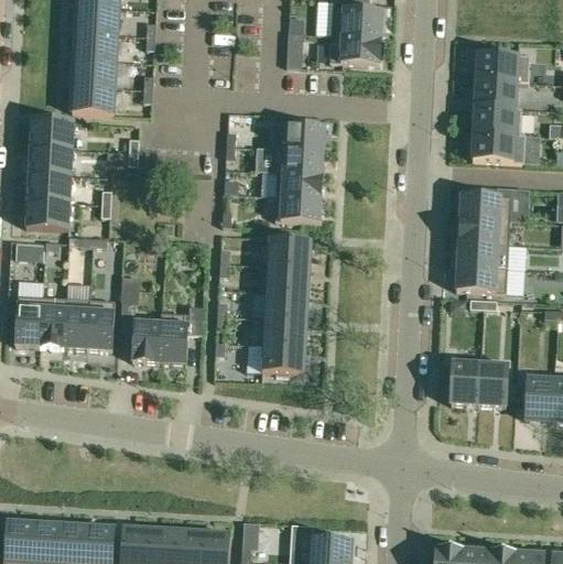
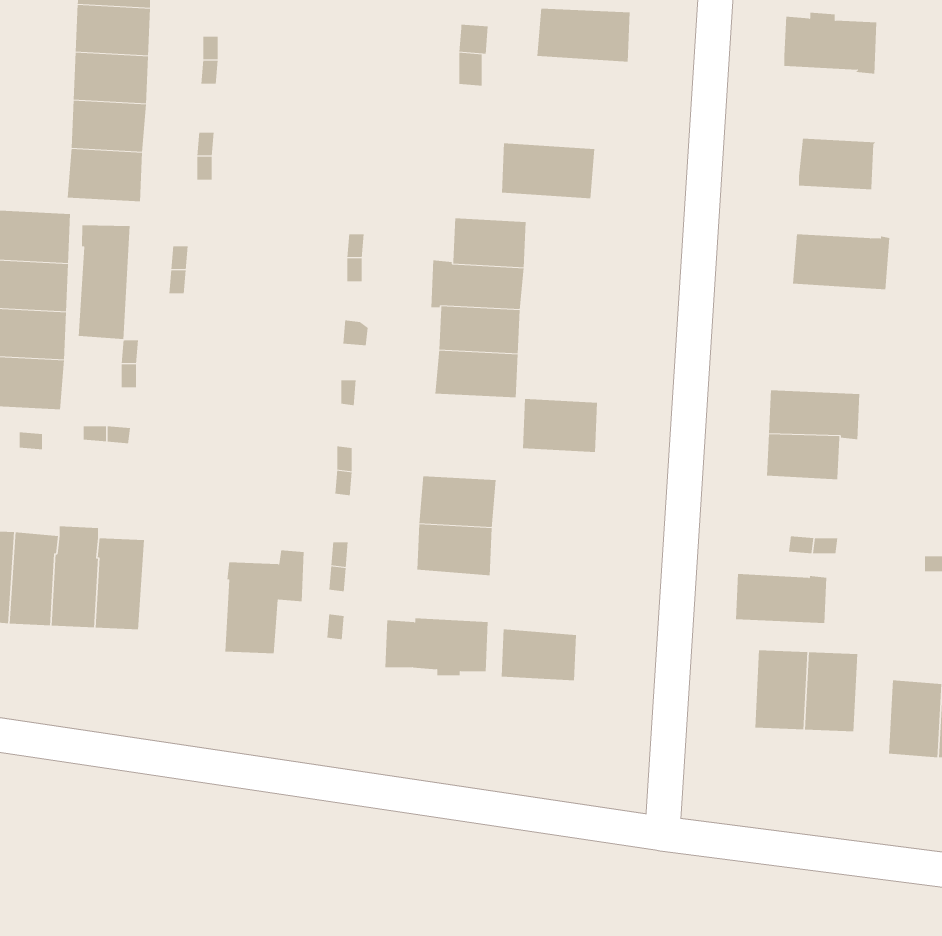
building: [329,33,381,64] -> [501,143,595,199]
building: [477,48,529,83] -> [783,12,877,74]
building: [474,105,521,133] -> none
building: none -> [78,224,130,340]
building: [459,193,511,219] -> none
building: [268,237,310,267] -> [522,399,598,453]
building: [456,264,507,292] -> [735,574,827,623]
building: [120,302,161,361] -> none
building: [263,316,305,345] -> [501,629,577,681]

